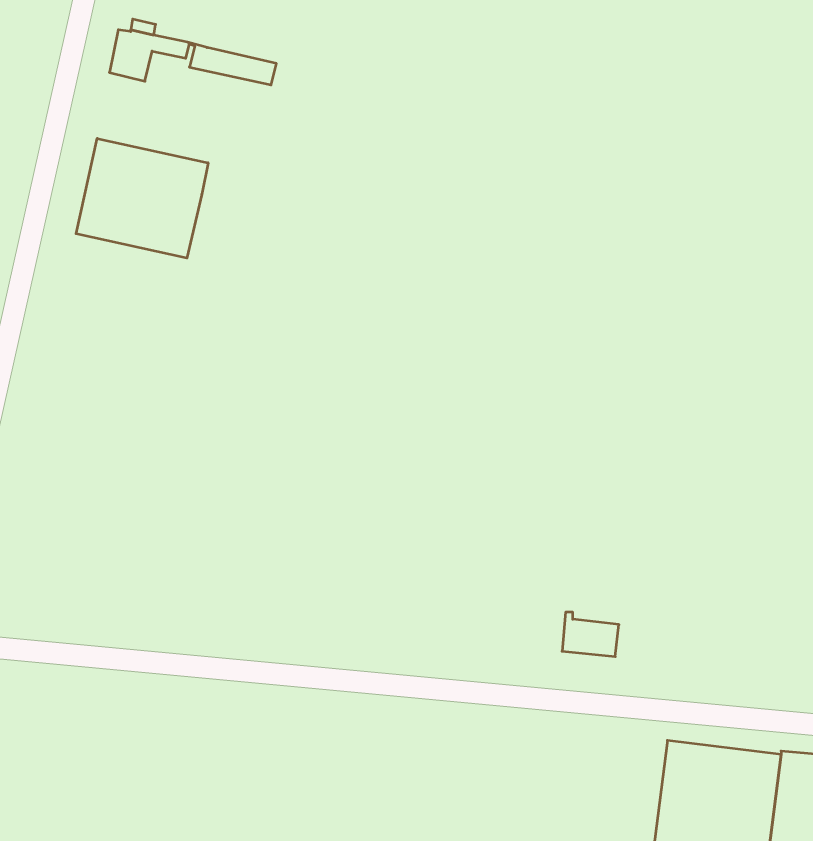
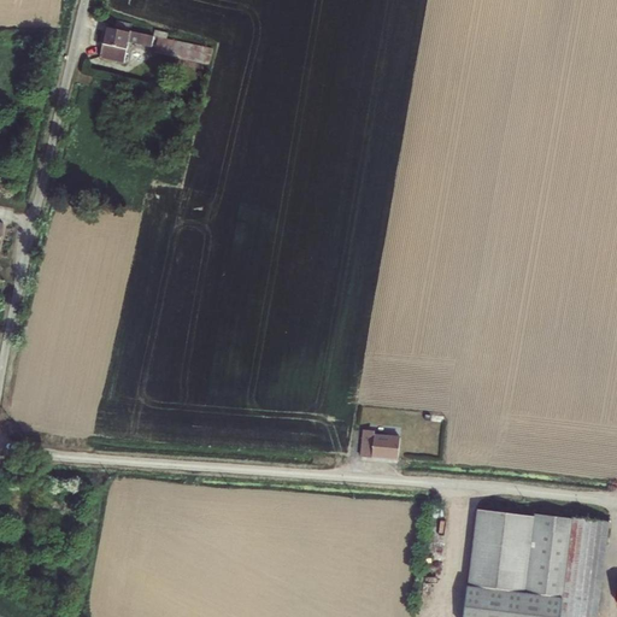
building: [76,138,208,258] -> none
building: [562,612,619,657] -> [359,430,398,460]

